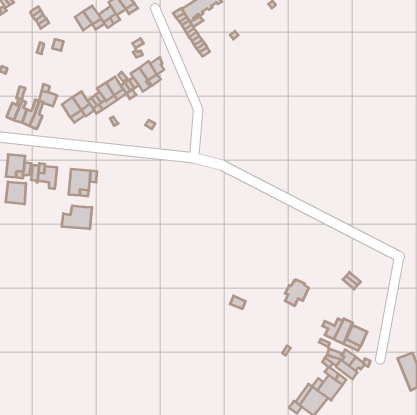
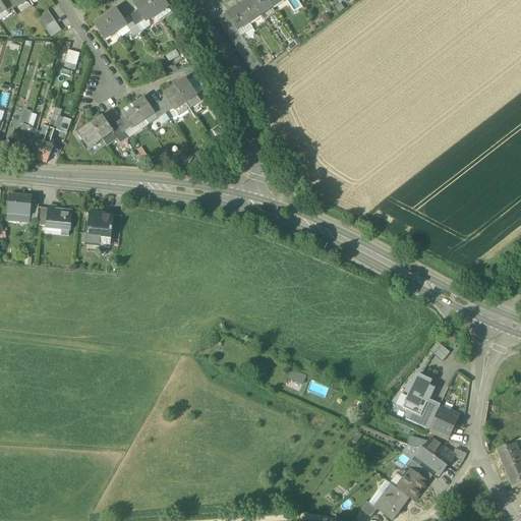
building: [6,182,26,204] -> none
building: [62,206,92,229] -> none
building: [285,280,309,306] -> [405,373,435,406]

